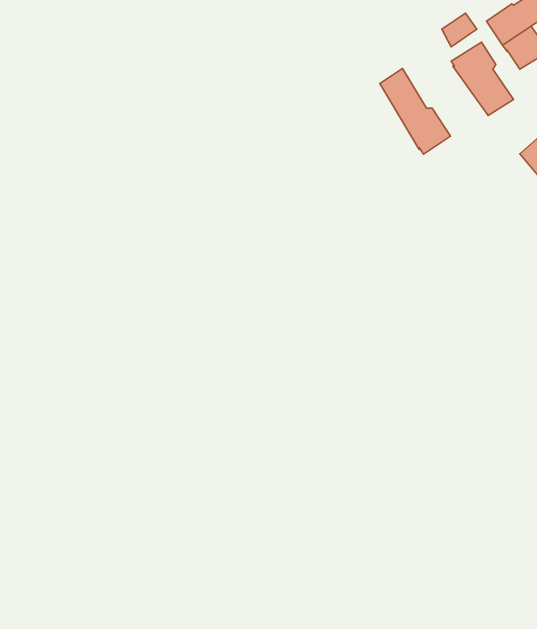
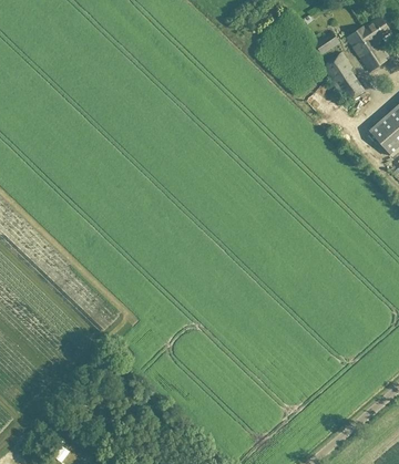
building: [380,69,450,154] -> none

